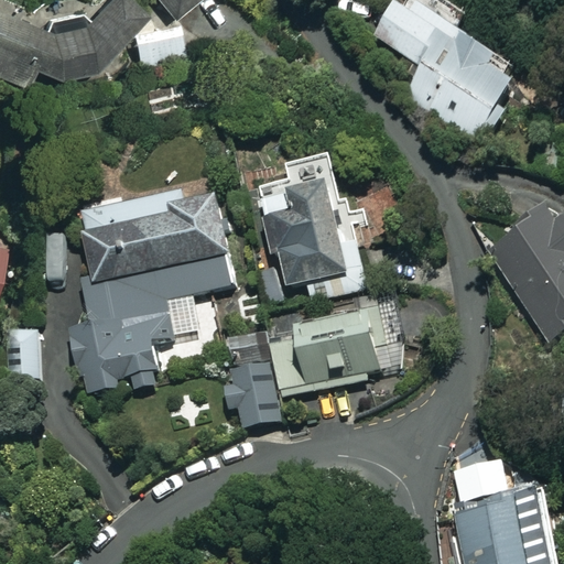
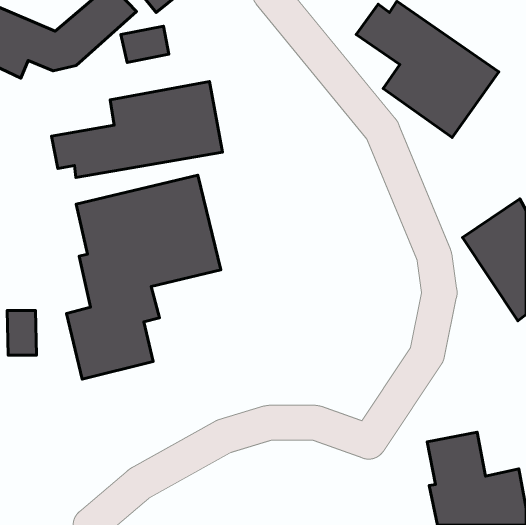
building: none -> [52,82,222,177]
building: [258,152,369,296] -> none
building: [272,293,406,391] -> none
building: [225,330,281,429] -> none

